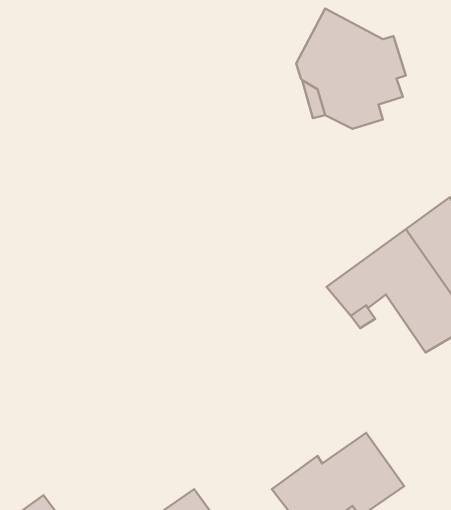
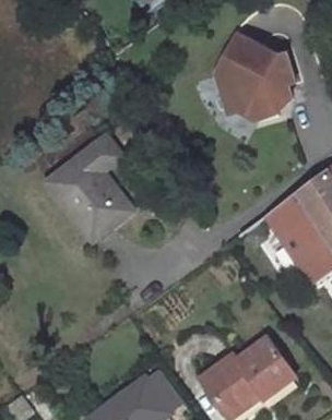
building: none -> [46,134,132,239]

